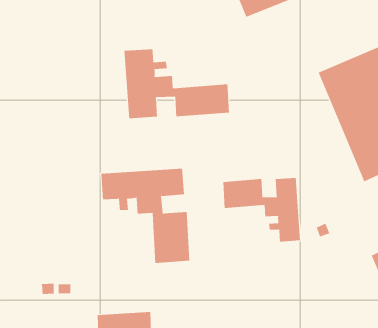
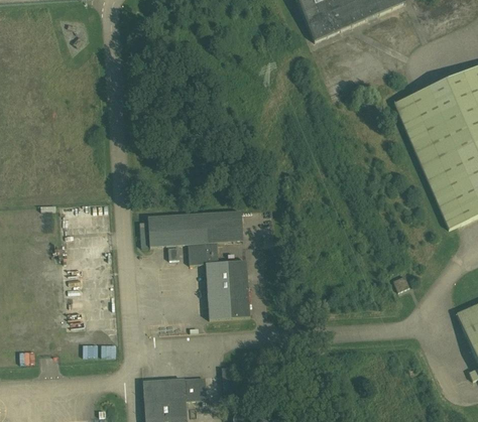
building: [124,48,230,119] -> none
building: [223,177,301,242] -> none

